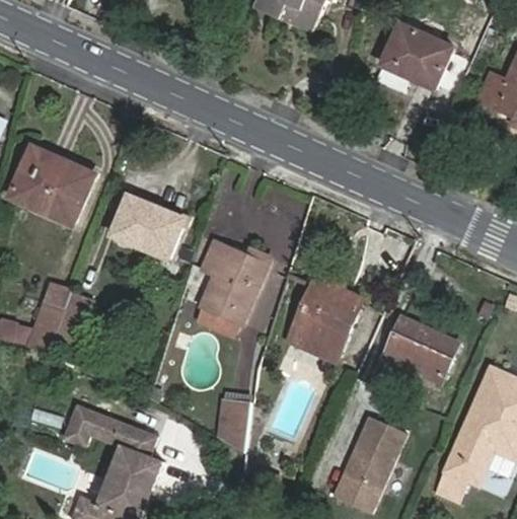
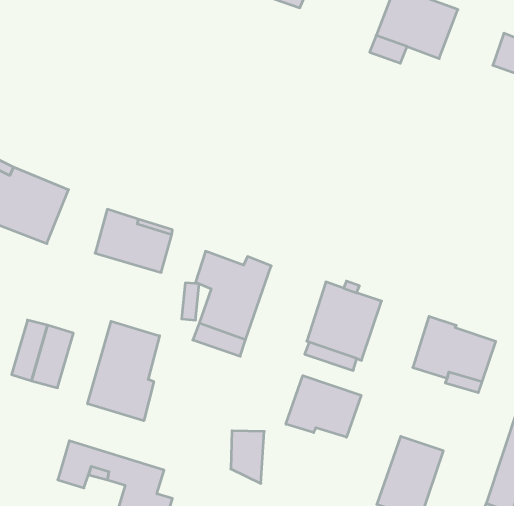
building: none -> [88,321,160,421]
building: none -> [286,376,361,437]

